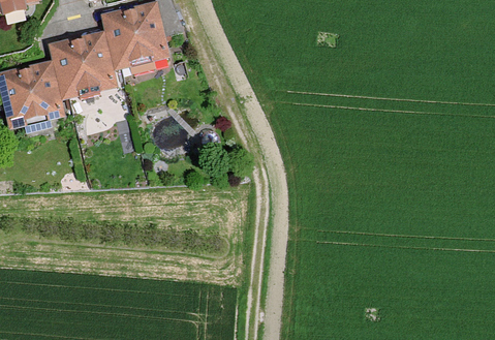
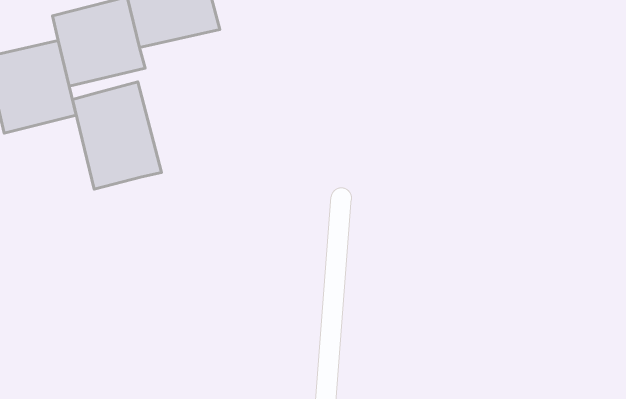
building: none -> [72,82,162,189]

